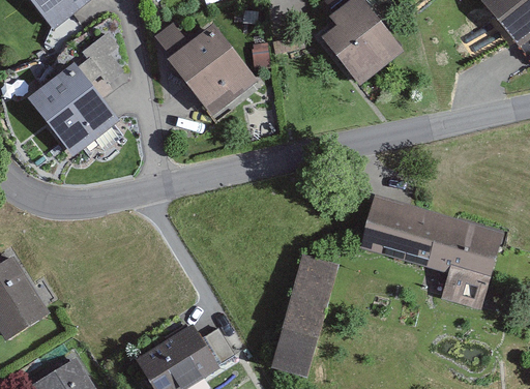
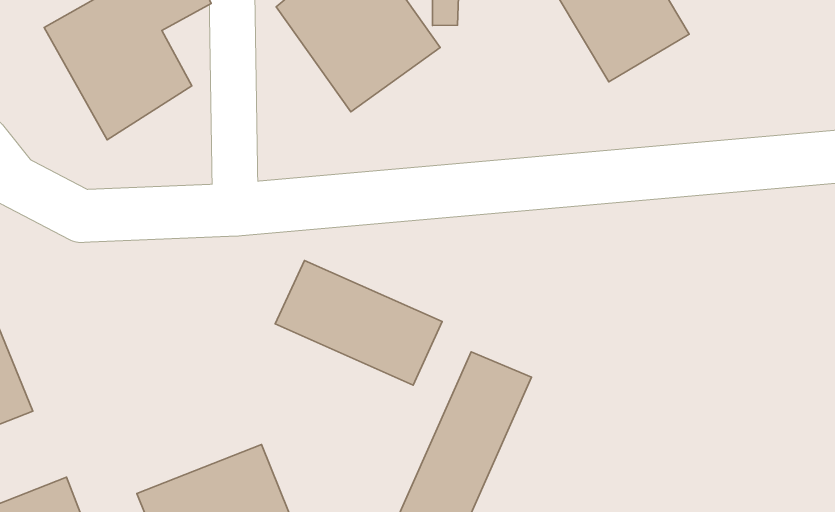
building: [353,187,501,316] -> none
building: none -> [275,260,442,385]

